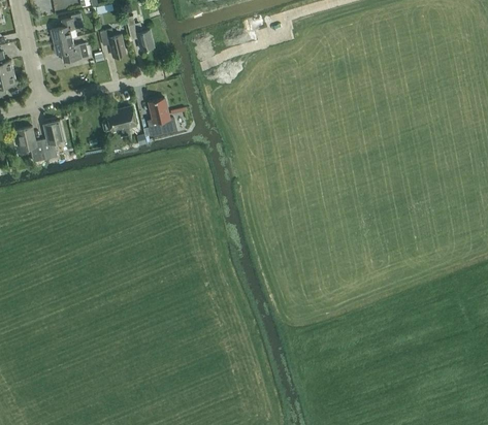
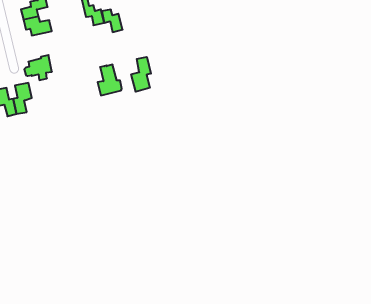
building: [100,30,126,58] -> [102,10,123,32]
building: none -> [131,57,151,92]
building: [102,106,136,137] -> [24,55,52,80]

